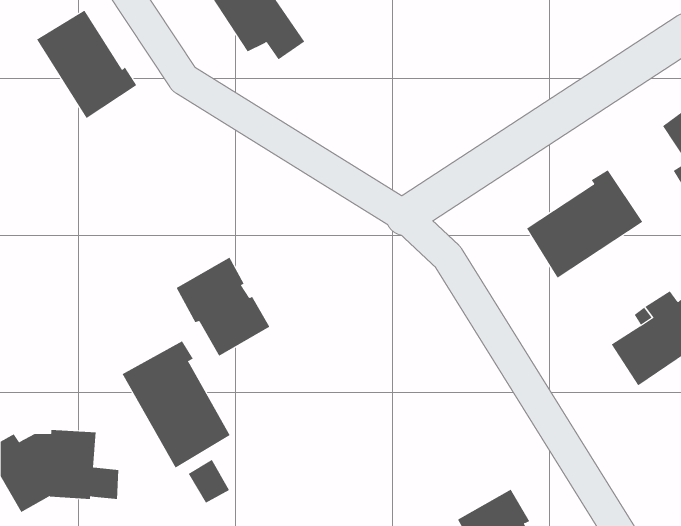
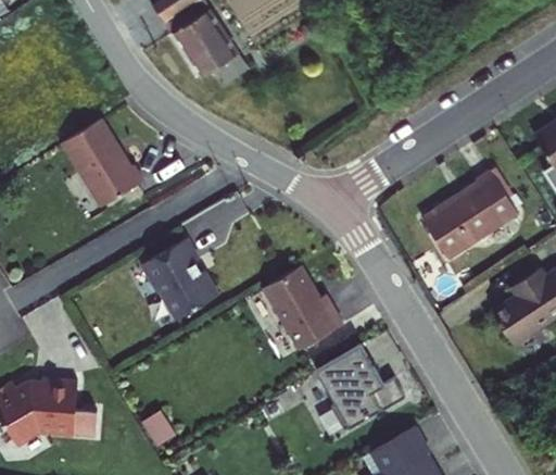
building: [36,10,137,119] -> [61,120,142,208]
building: none -> [262,267,342,351]
building: [122,340,230,468] -> none
building: none -> [315,345,405,430]

